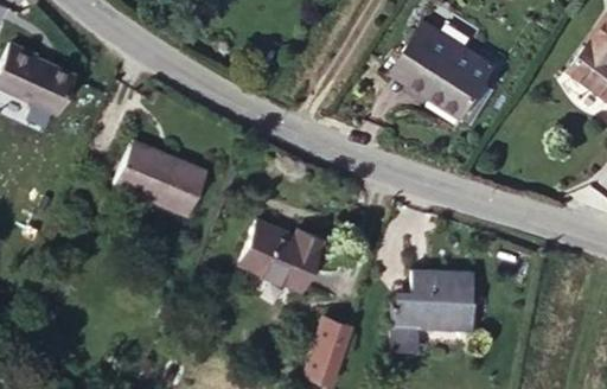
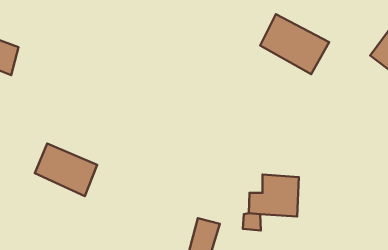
building: [113,142,203,218] -> [35,144,97,196]
building: [243,222,322,286] -> none

